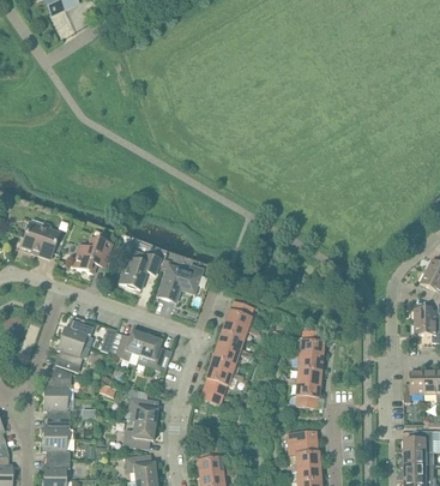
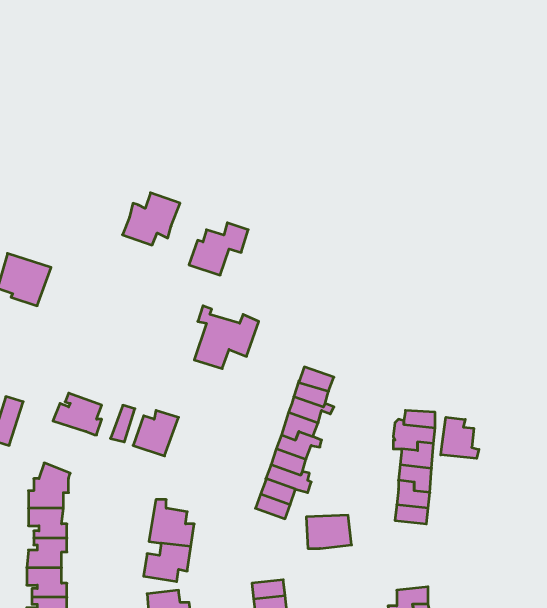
building: [72,236,111,272] -> [122,193,180,245]
building: [119,253,159,289] -> [189,223,248,275]
building: none -> [441,417,479,458]
building: [137,335,165,370] -> none
building: [55,337,90,372] -> none
building: [287,431,318,454] -> [306,515,352,548]

